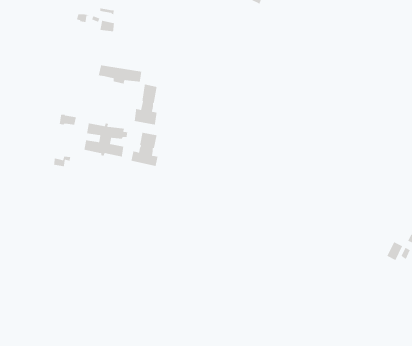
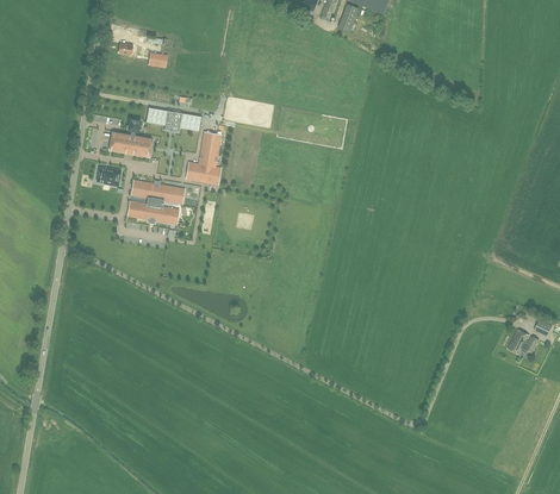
building: none -> [108,119,153,156]
building: [130,132,159,167] -> none

